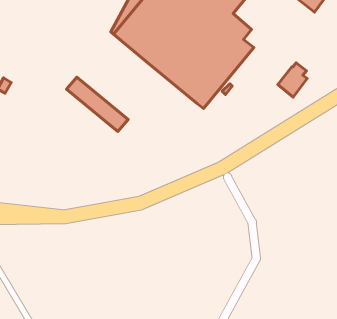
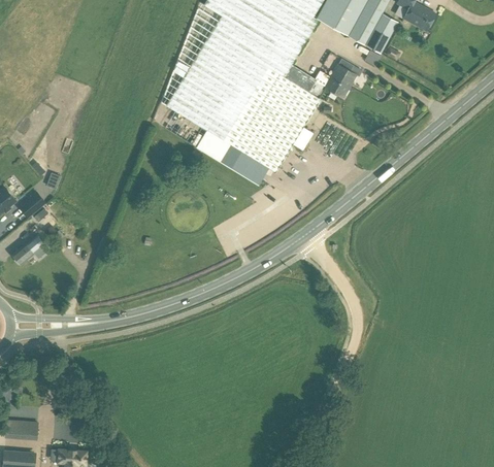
building: [278,63,307,97] -> [324,59,355,97]
building: [67,77,128,131] -> [195,132,267,185]

